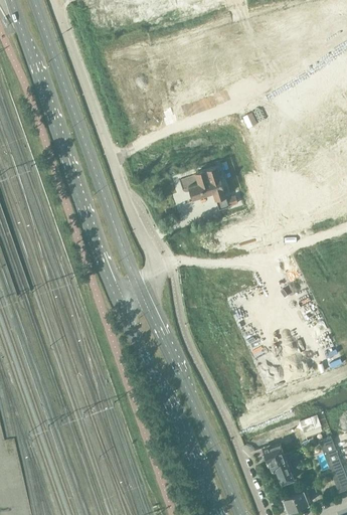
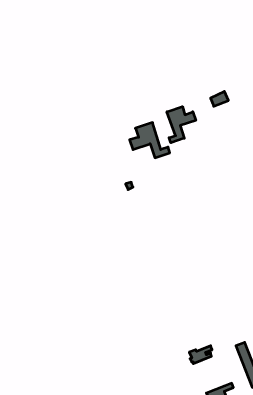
building: none -> [167,107,196,143]
building: [268,454,297,485] -> none

